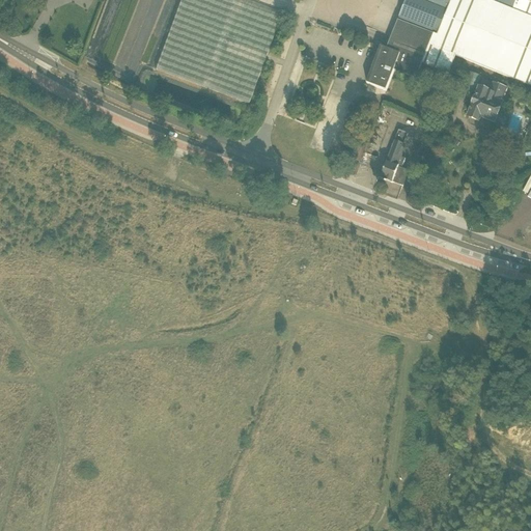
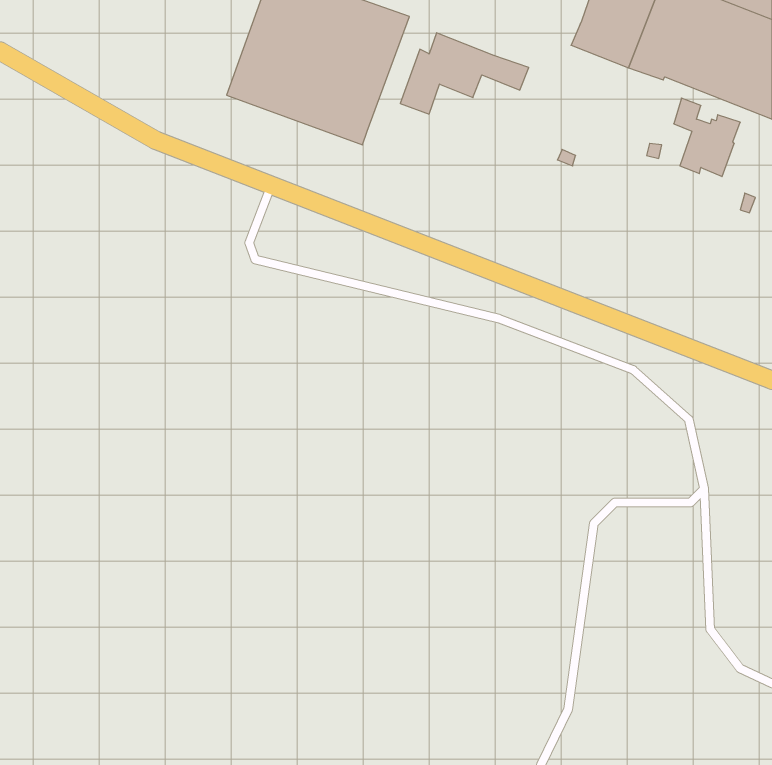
building: [367,31,455,87] -> [400,33,529,114]
building: [381,122,413,181] -> none

